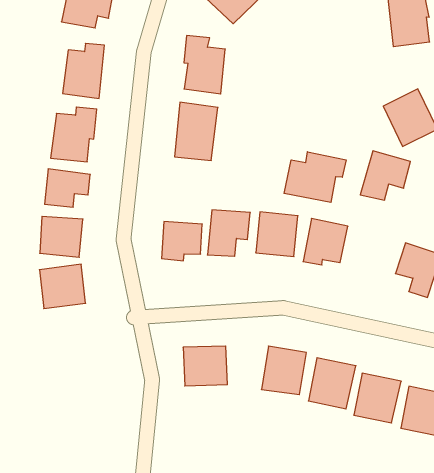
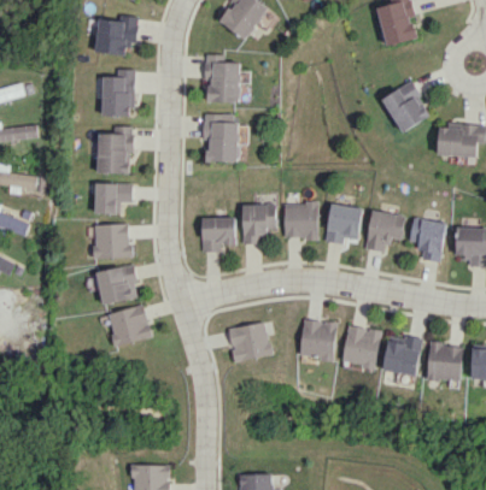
building: [360,151,410,200] -> [364,209,405,252]
building: [284,152,346,202] -> none
building: none -> [106,303,152,347]

